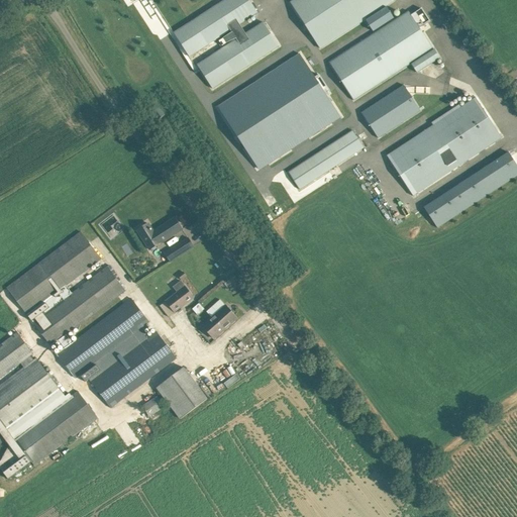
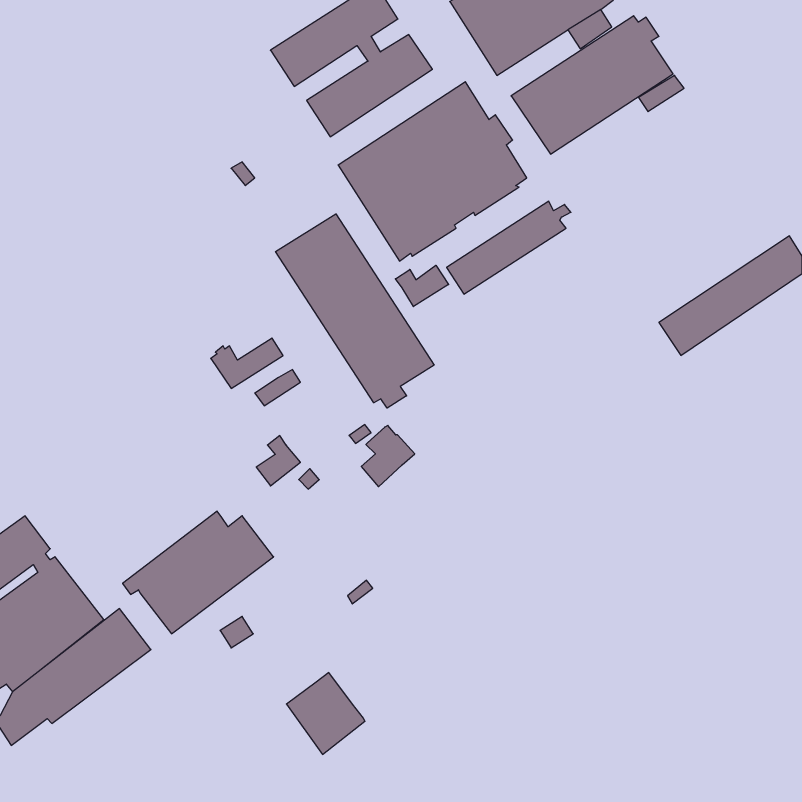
building: [360,85,420,137] -> none
building: [387,98,500,195] -> none
building: none -> [276,214,434,408]
building: none -> [395,265,449,307]
building: [6,231,148,378] -> none
building: [202,299,236,338] -> [361,425,415,487]
building: [156,367,206,419] -> [286,673,365,754]

